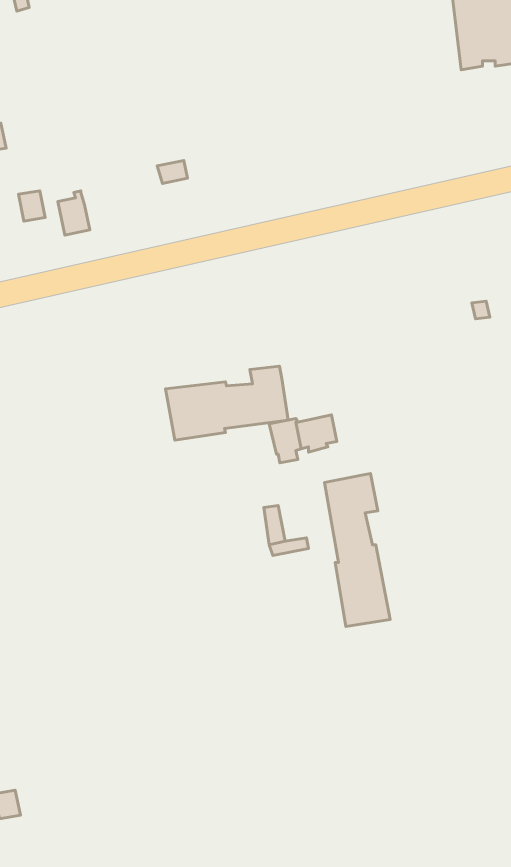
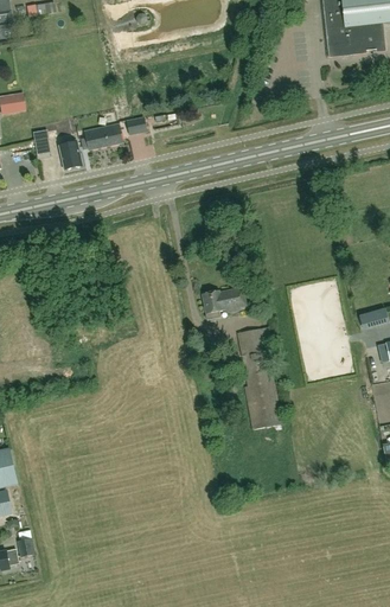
building: none -> [76,123,123,148]
building: [166,366,288,440] -> none

